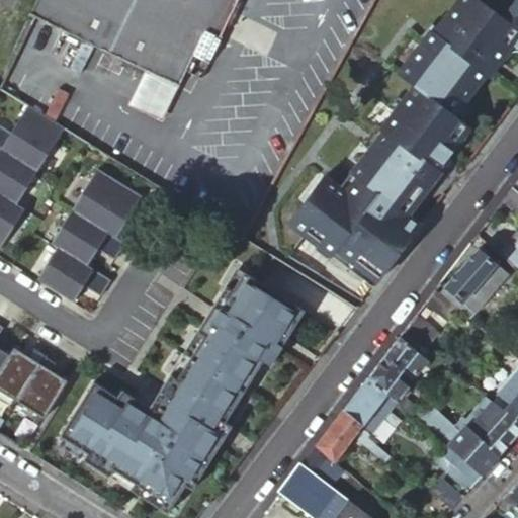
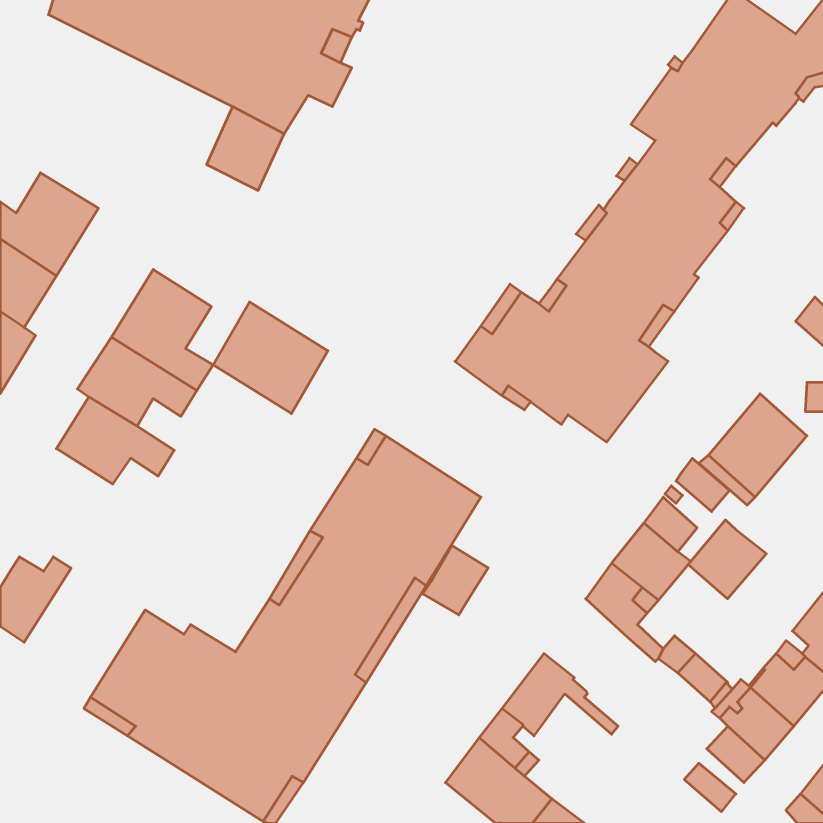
building: none -> [213,302,328,414]
building: none -> [688,520,766,599]
building: none -> [423,545,488,615]
building: [16,356,67,420] -> none
building: [342,375,395,433] -> none

